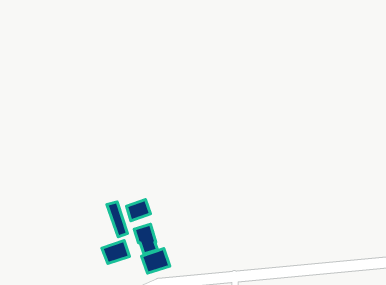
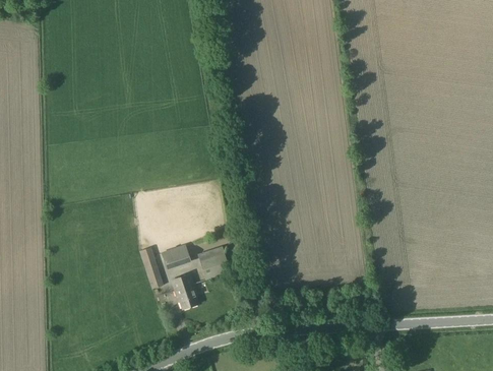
building: [102,241,130,264] -> none
building: [141,248,170,273] -> [197,252,231,282]

